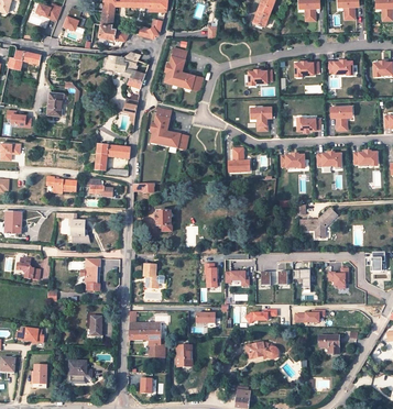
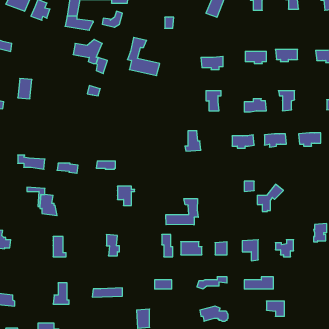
building: [152,108,187,150] -> none
building: [95,144,130,172] -> none
building: none -> [166,199,198,225]
building: [128,331,161,357] -> none

